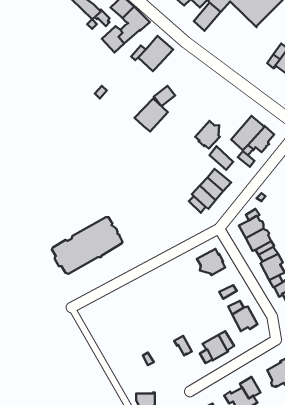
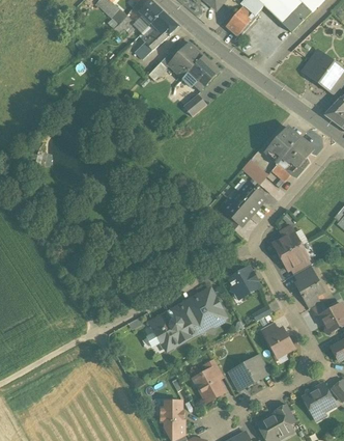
building: [135,98,168,132] -> [184,56,220,91]
building: [195,121,220,149] -> none
building: [52,217,122,274] -> [151,290,226,350]
building: none -> [198,369,223,402]
building: none -> [161,401,182,421]

